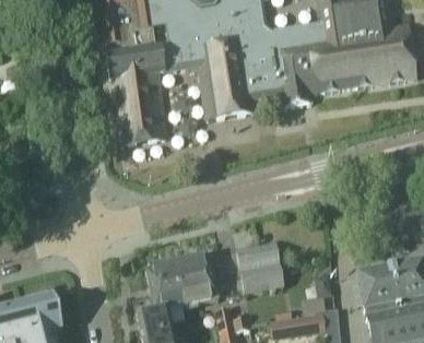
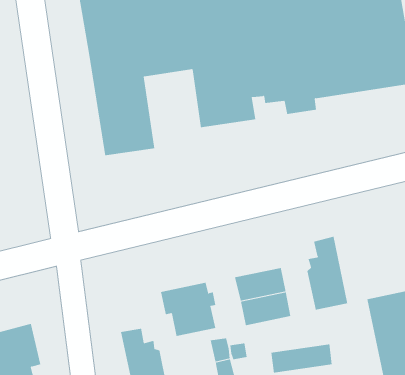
building: none -> [307,236,348,311]
building: [148,263,186,316] -> none

